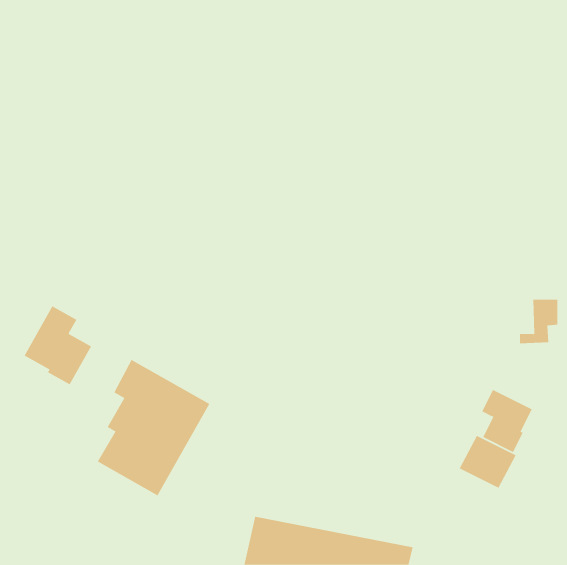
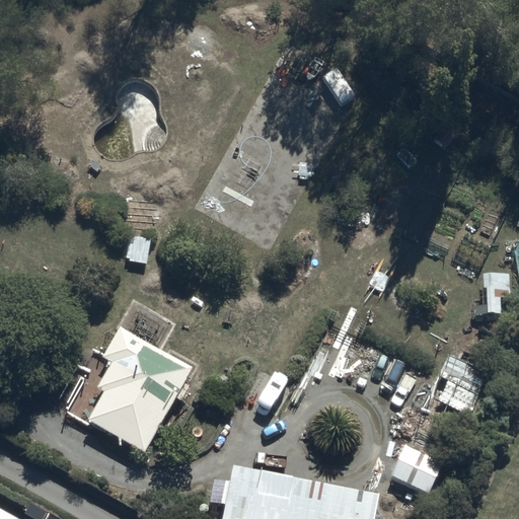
building: [24,305,92,385] -> none
building: [459,435,517,488] -> [390,445,443,494]

